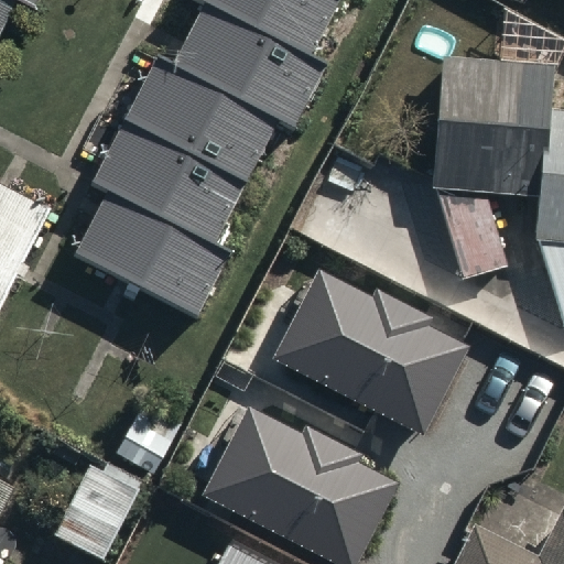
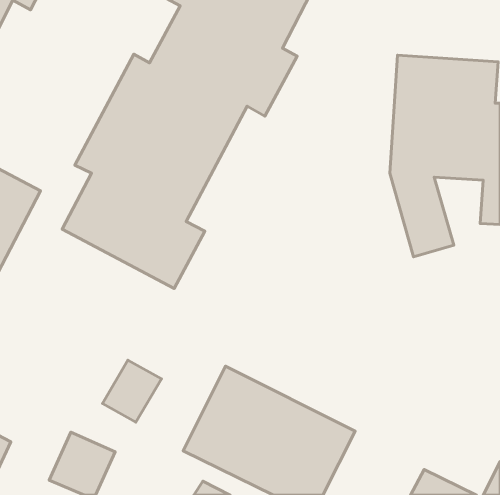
building: [278,257,471,424] -> none

